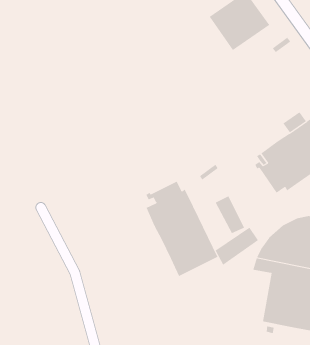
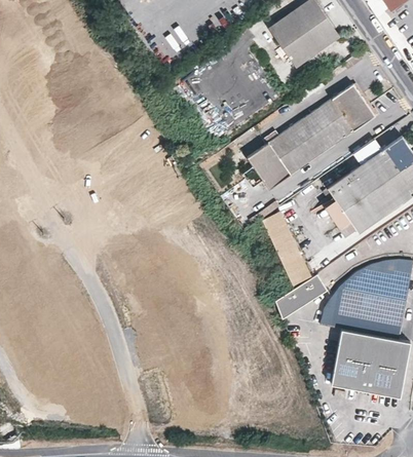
building: none -> [247,84,375,190]
building: none -> [263,213,292,245]
building: [146,181,218,277] -> none

